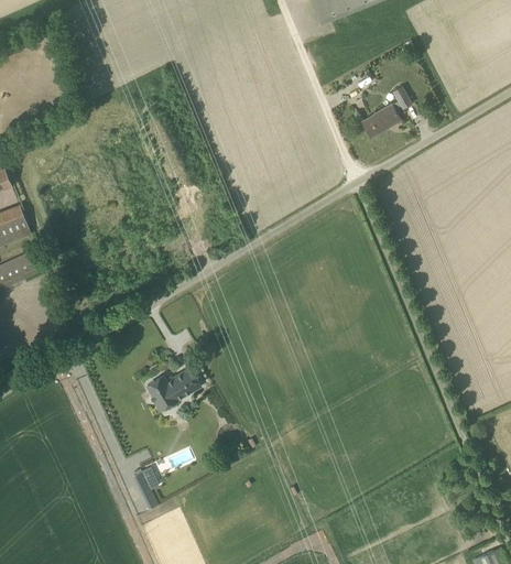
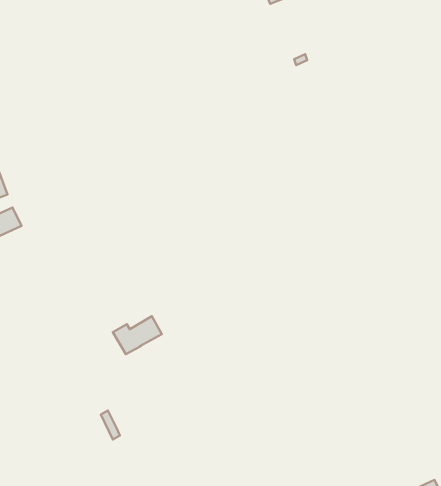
building: [360,87,411,138] -> none

